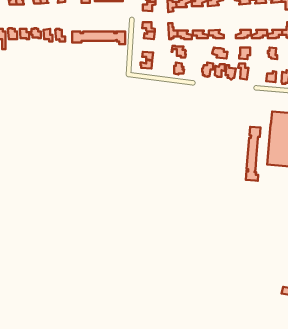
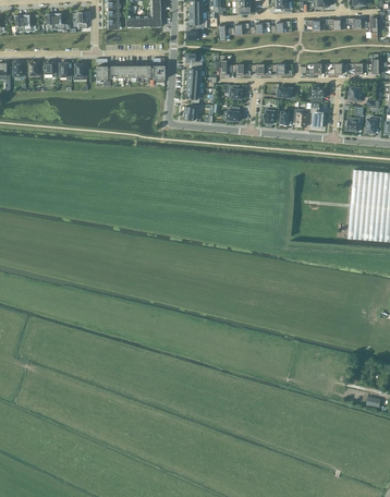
building: [246,127,260,181] -> none

